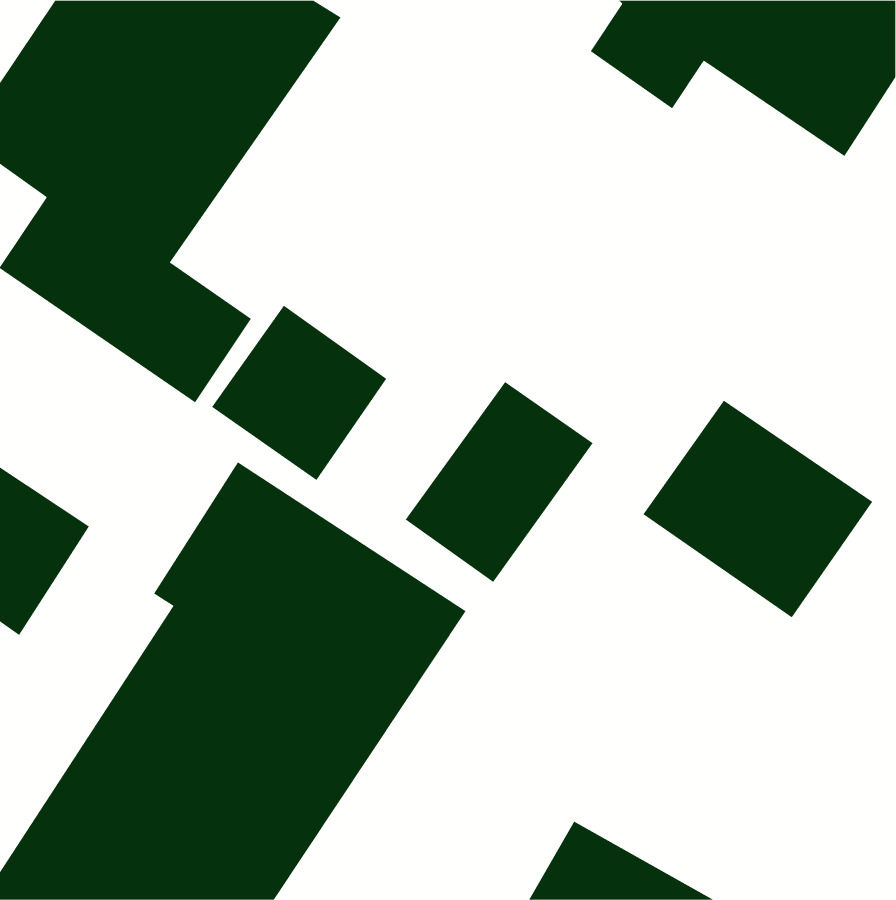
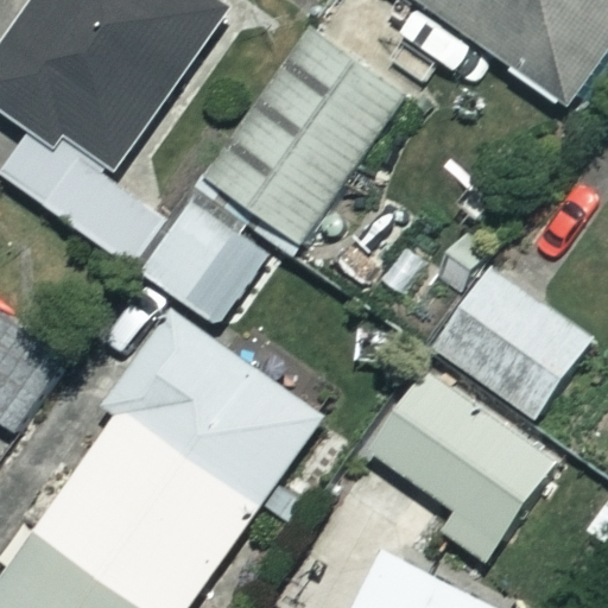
building: none -> [207,25,407,243]
building: [405,381,593,583] -> none
building: none -> [366,367,553,558]

